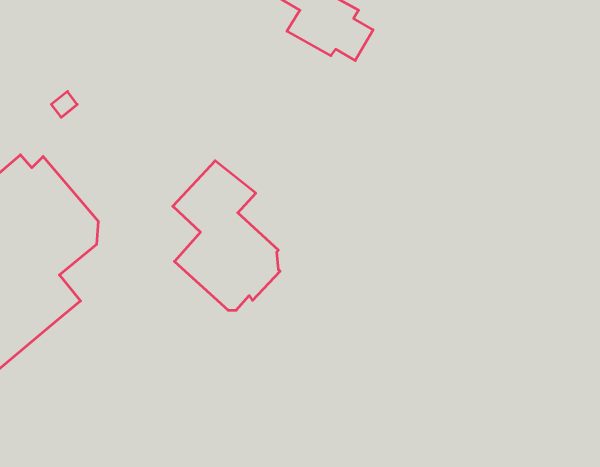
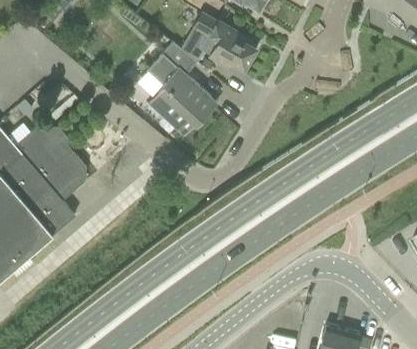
building: [173,161,280,310] -> [146,42,212,134]

